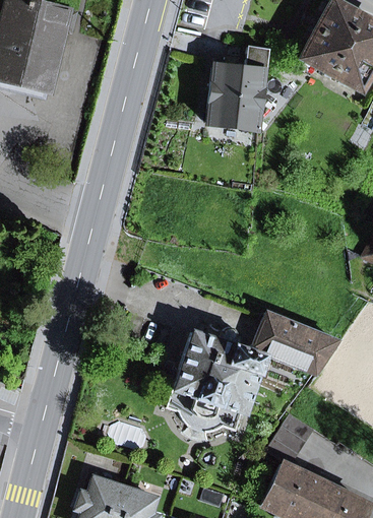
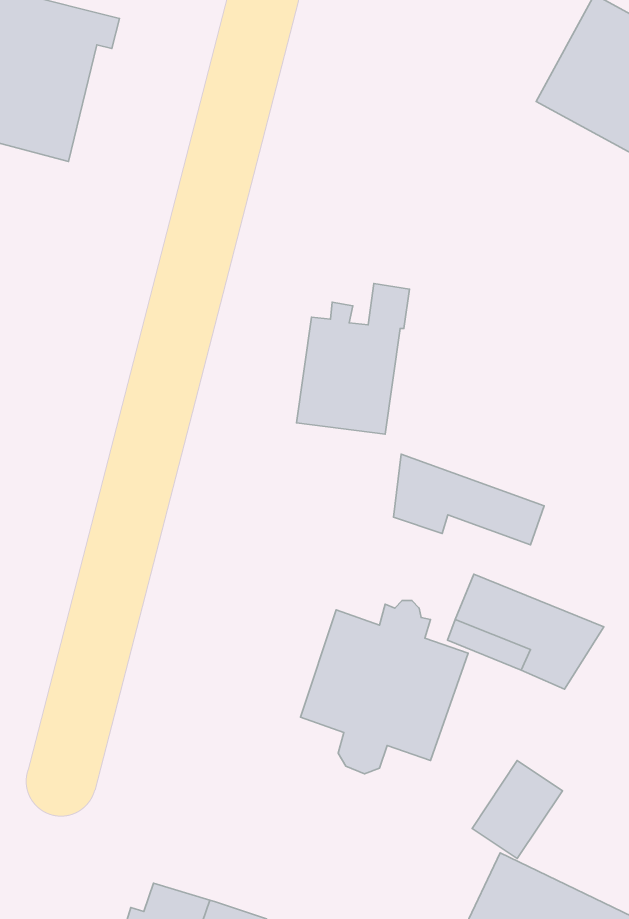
building: [206,48,267,129] -> [296,283,410,434]
building: none -> [394,454,544,545]
building: [168,391,243,433] -> none

